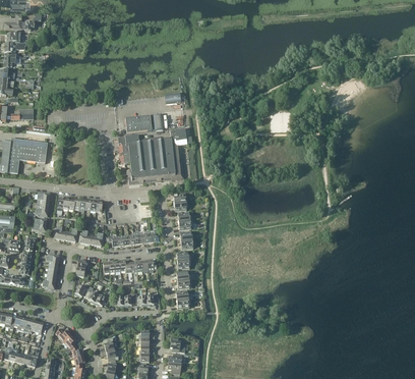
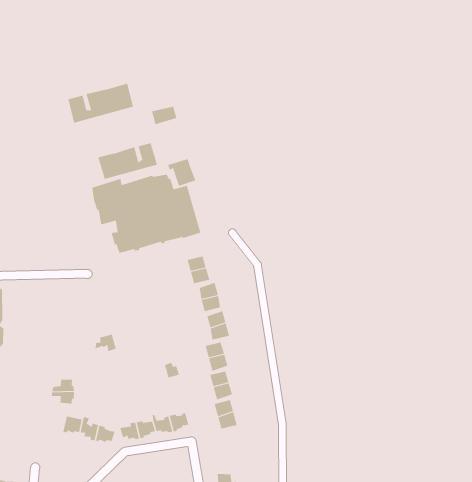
building: none -> [68,83,133,123]

